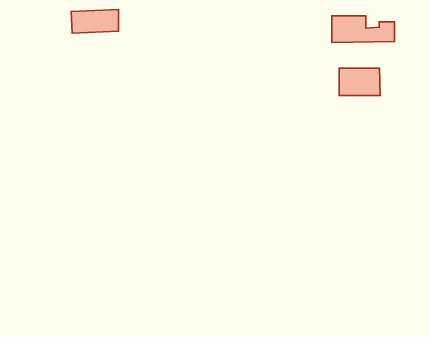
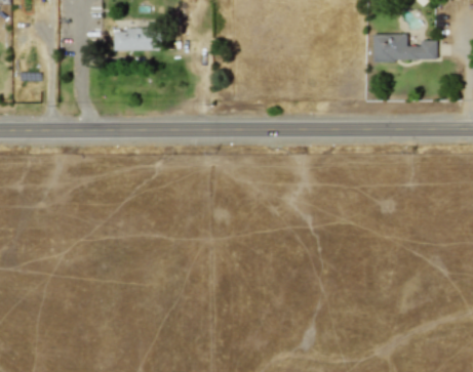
building: [339,68,380,95] -> none

